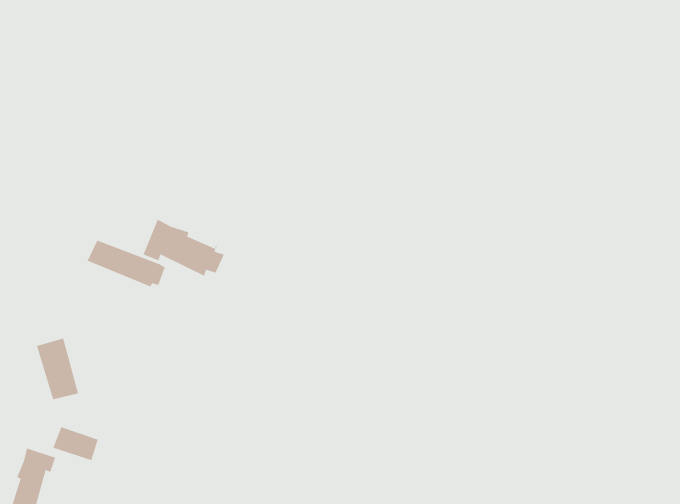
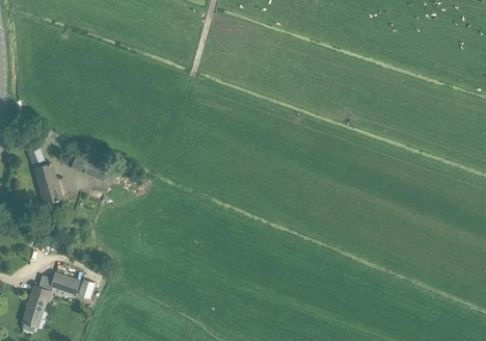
building: [143,219,224,276] -> none
building: [36,338,79,400] -> [33,162,60,202]

